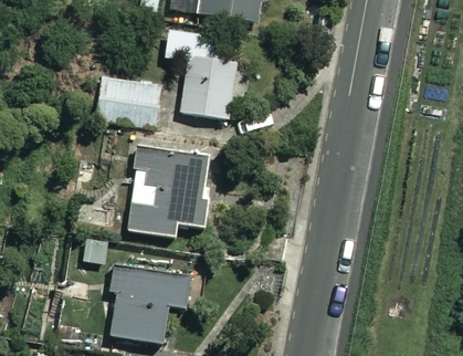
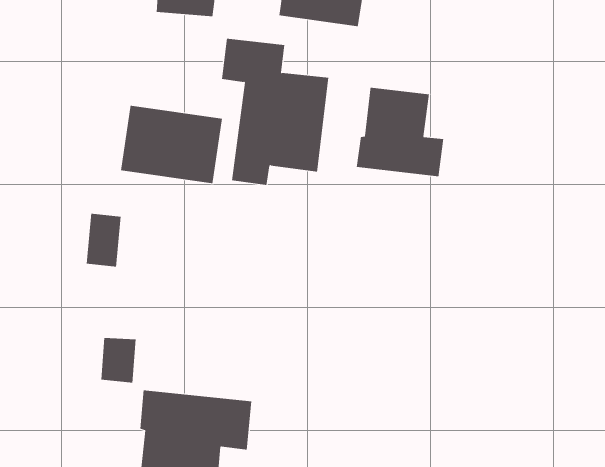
building: none -> [356,87,444,177]
building: [128,148,212,238] -> none

